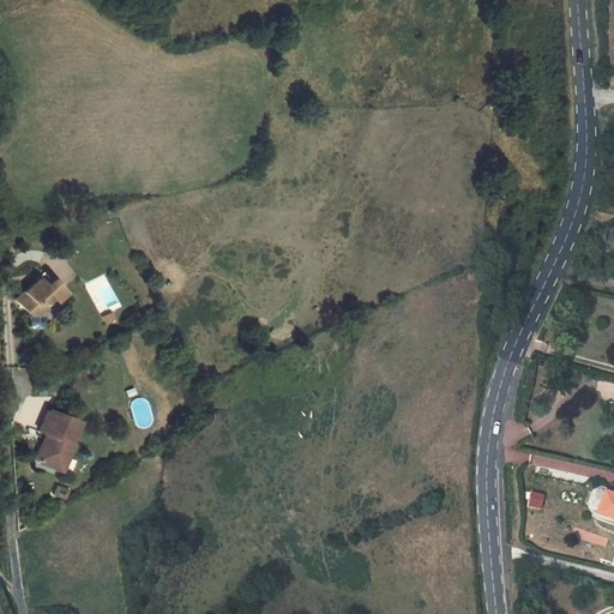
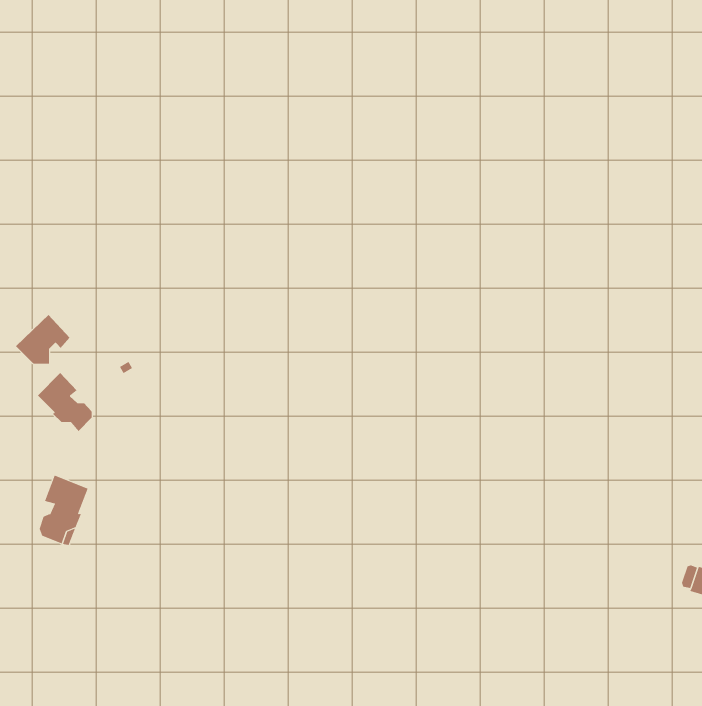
building: none -> [37,372,92,432]

